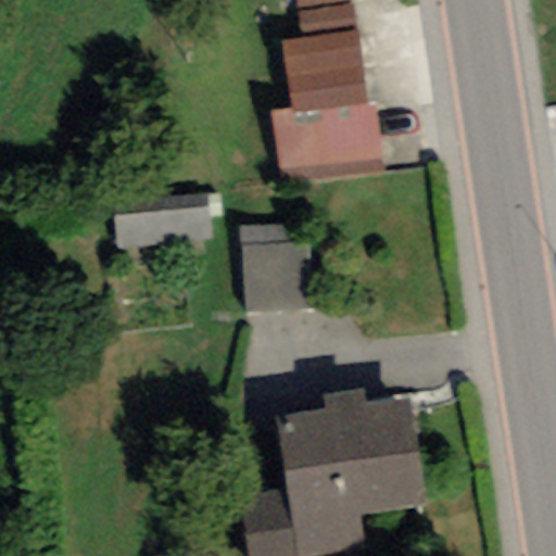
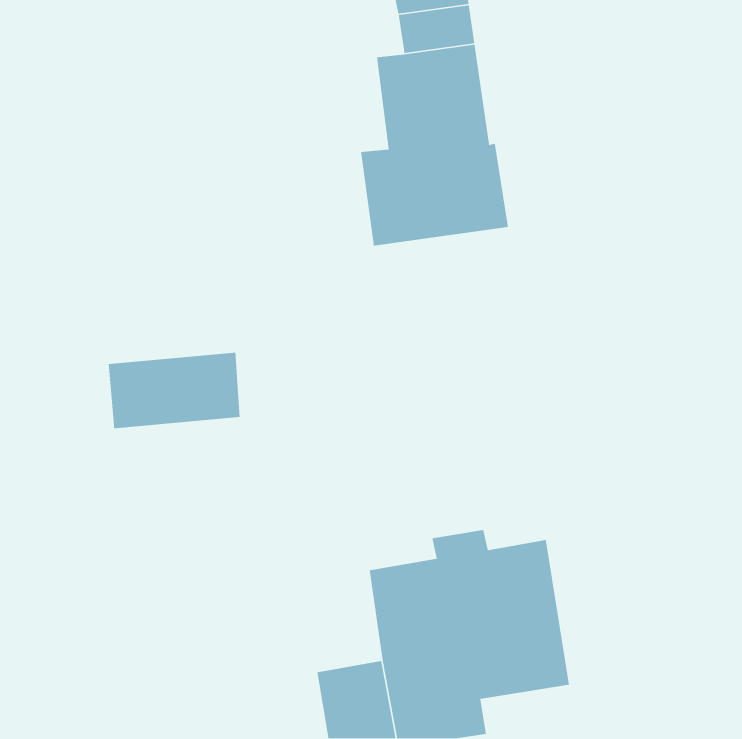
building: [114,190,213,248] -> [108,352,240,429]
building: [242,222,315,313] -> none

